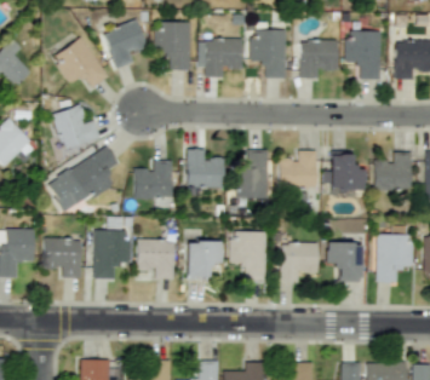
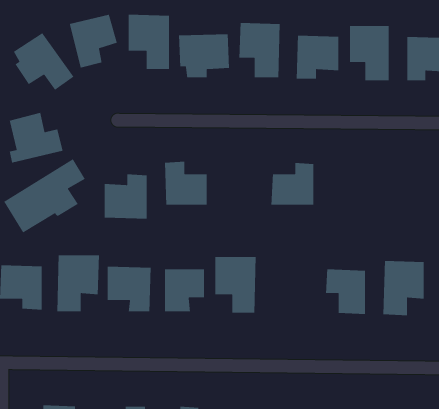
building: [234,150,266,198] -> none
building: [328,154,363,192] -> none
building: [372,155,411,191] -> none
building: [280,243,317,281] -> none

